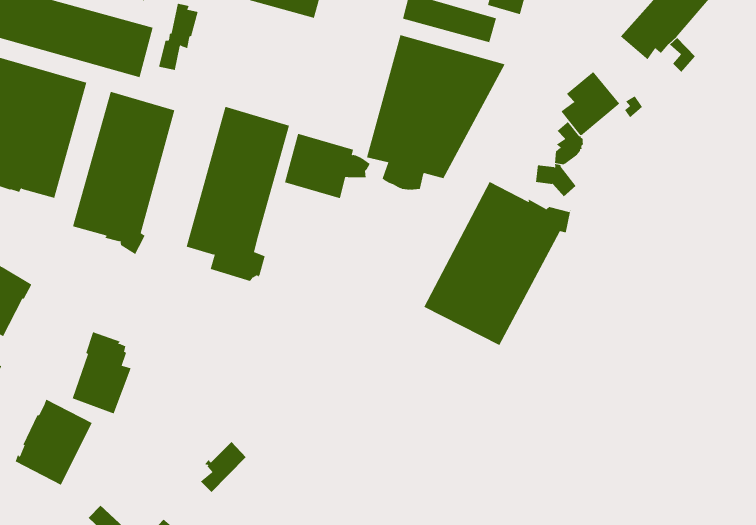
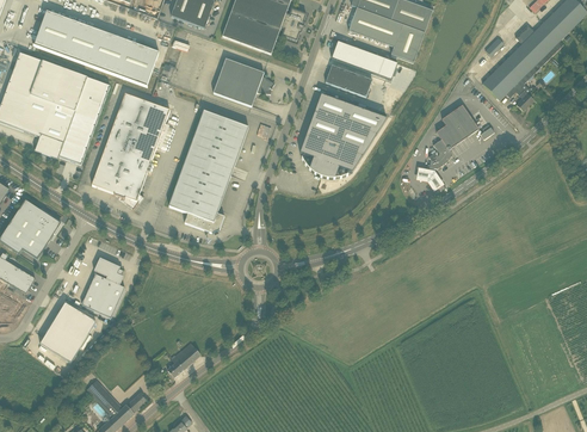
building: [284,133,371,199] -> [212,57,273,105]
building: [424,181,571,346] -> none

